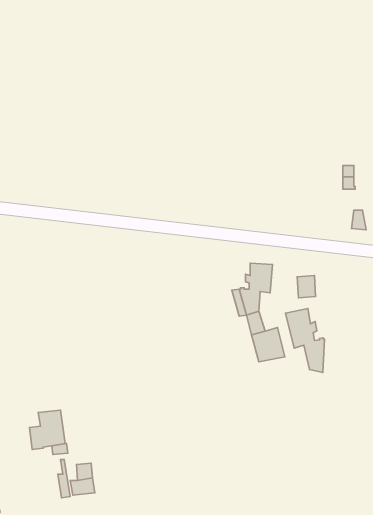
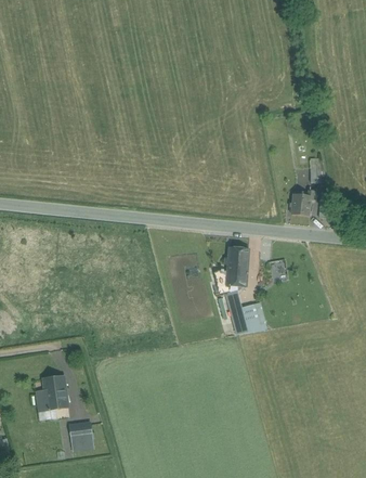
building: none -> [291,190,316,216]
building: [286,309,325,372] -> none

